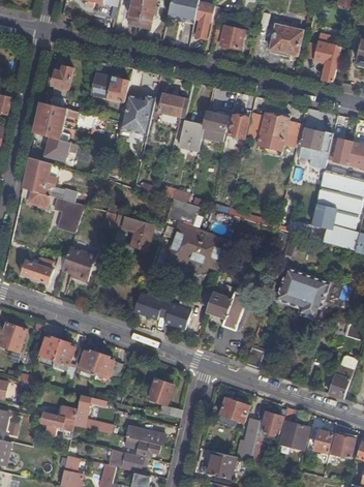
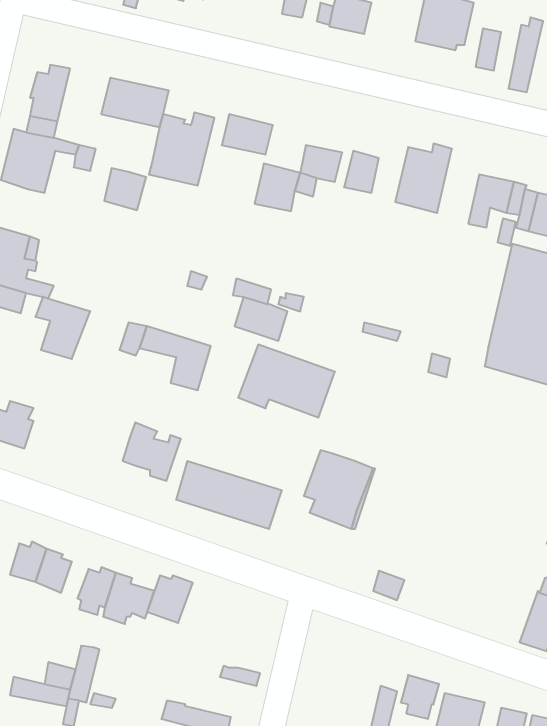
building: [46,136,69,160] -> [104,168,146,210]
building: [62,248,95,281] -> [123,422,181,481]
building: [274,268,328,319] -> none
building: [148,378,174,405] -> [147,575,193,623]
building: [219,397,249,423] -> none

